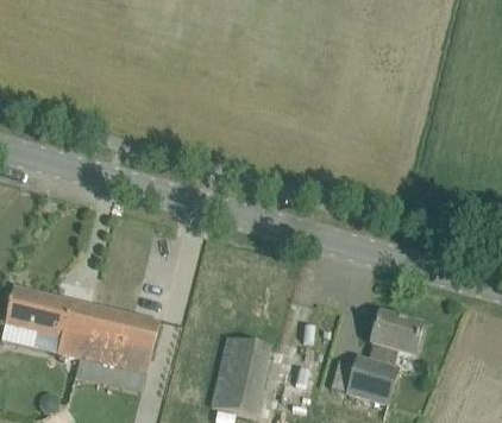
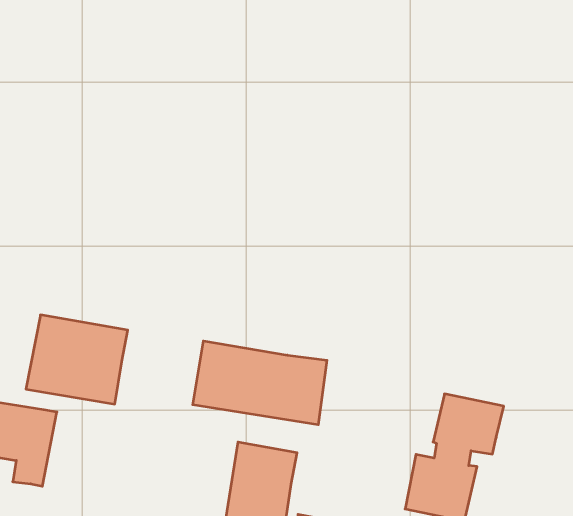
building: none -> [193,341,327,425]
building: [81,304,158,373] -> [26,315,128,404]

